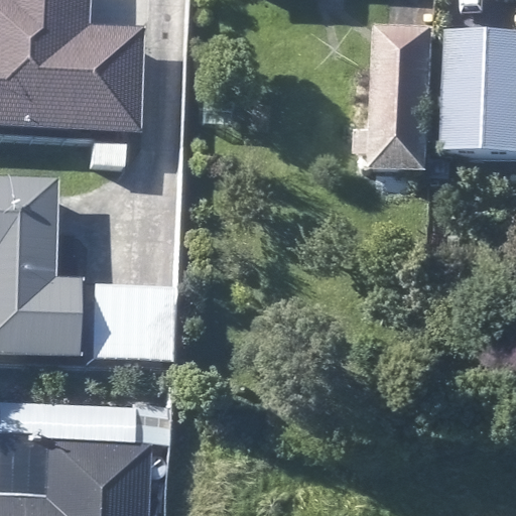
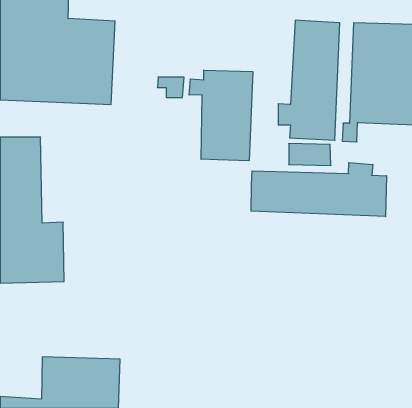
building: none -> [189,70,253,161]
building: none -> [251,163,387,217]

